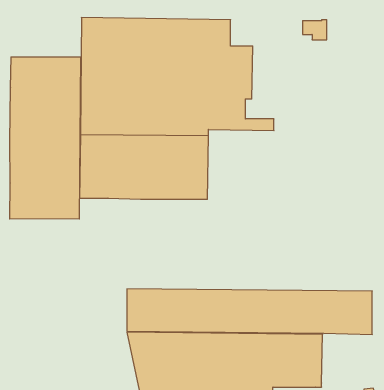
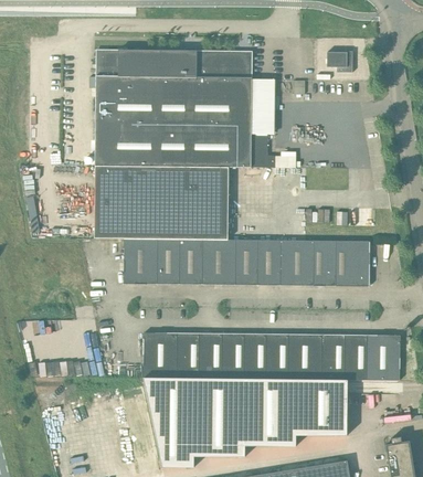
building: [10,57,81,219] -> none
building: none -> [124,239,370,286]

